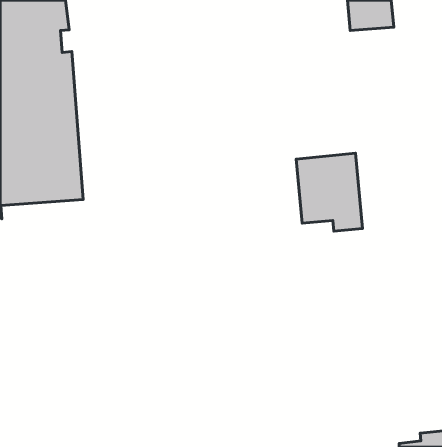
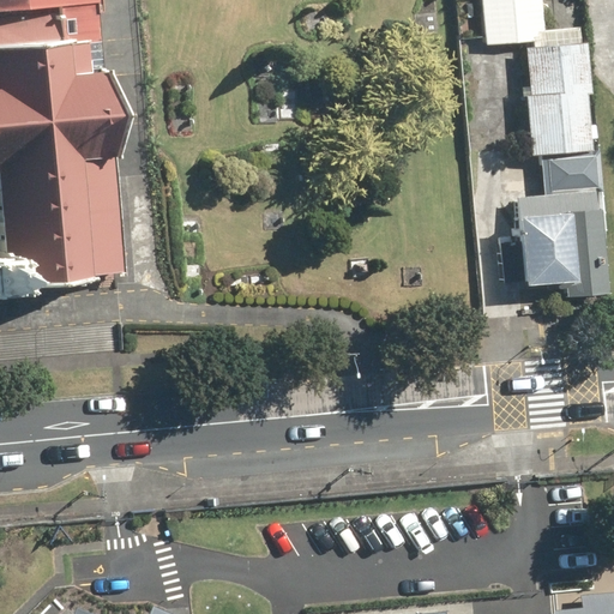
building: none -> [525,38,592,155]
building: [296,153,363,231] -> [516,188,607,295]

